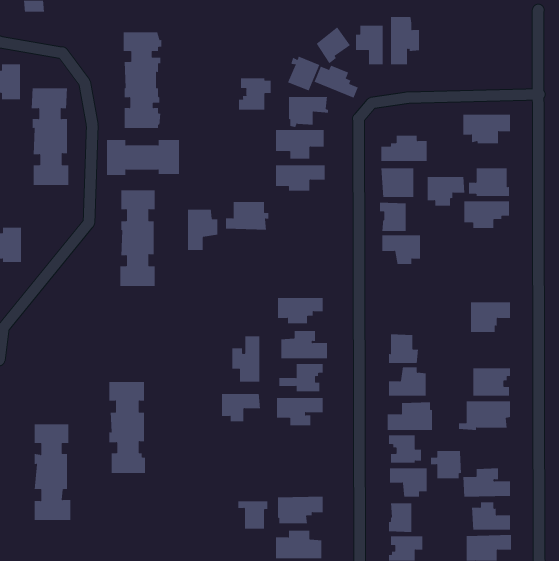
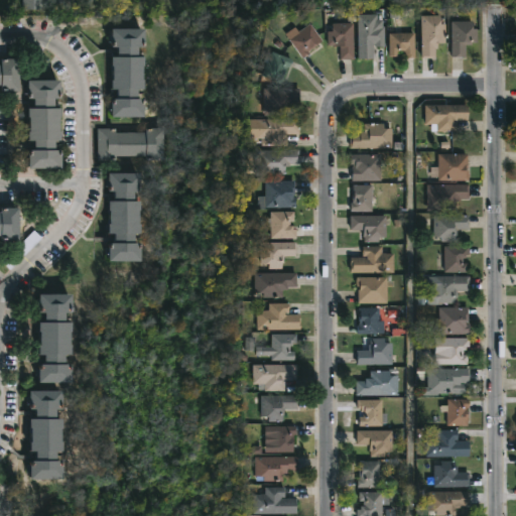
building: none -> [421,15,447,57]
building: none -> [453,22,479,57]
building: none -> [390,33,416,58]
building: [314,65,358,98] -> none
building: [238,77,271,110] -> none
building: [427,177,465,206] -> [435,215,471,242]
building: [225,201,269,230] -> [259,180,299,207]
building: [188,209,218,251] -> none
building: none -> [272,212,297,239]
building: none -> [261,243,297,269]
building: none -> [444,246,470,273]
building: none -> [351,247,395,273]
building: none -> [357,278,388,304]
building: [232,336,260,383] -> none
building: none -> [439,308,471,335]
building: [109,381,146,474] -> [40,296,75,381]
building: [221,393,261,422] -> [260,395,296,421]
building: [430,450,462,479] -> [441,399,471,425]
building: [237,501,268,529] -> [268,425,296,452]

